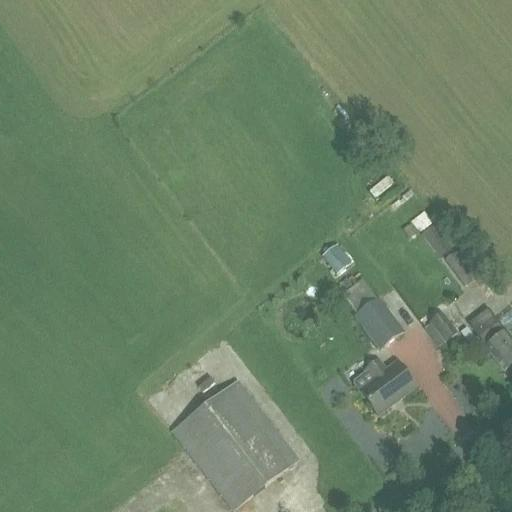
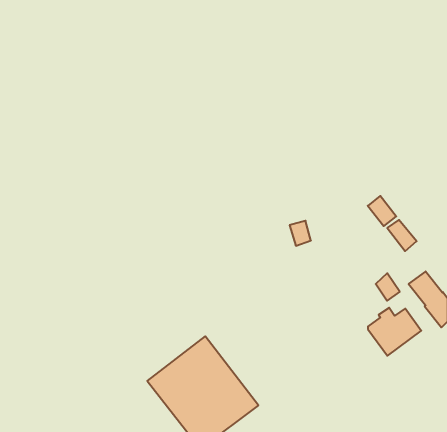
building: [355,297,403,347] -> none
building: [354,359,414,413] -> [368,308,421,356]

